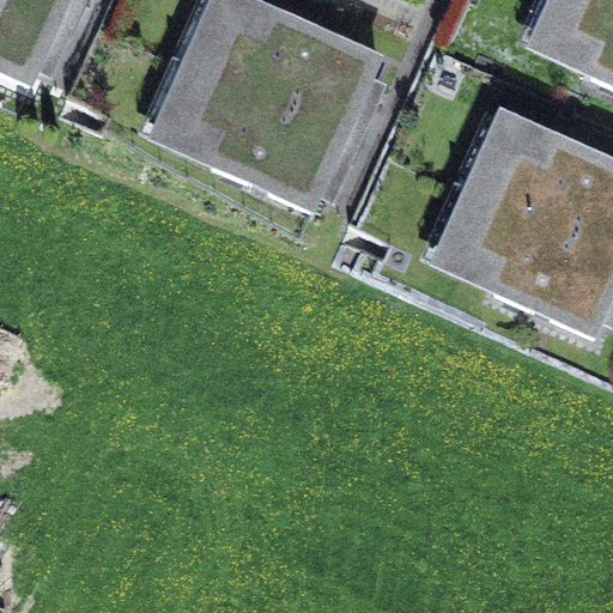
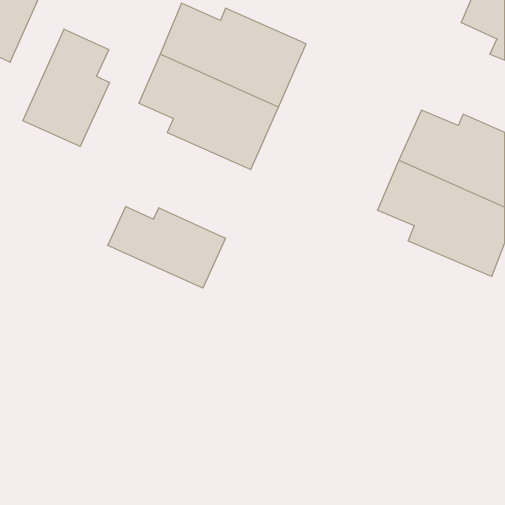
building: none -> [23,29,110,147]
building: none -> [108,206,225,288]

